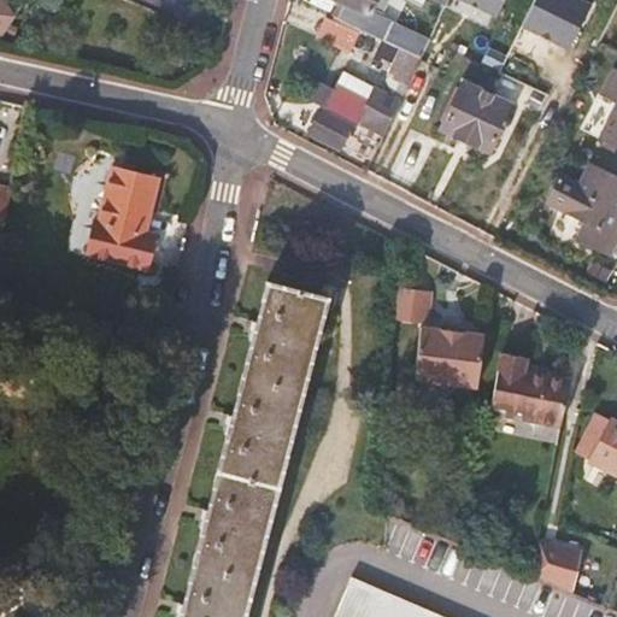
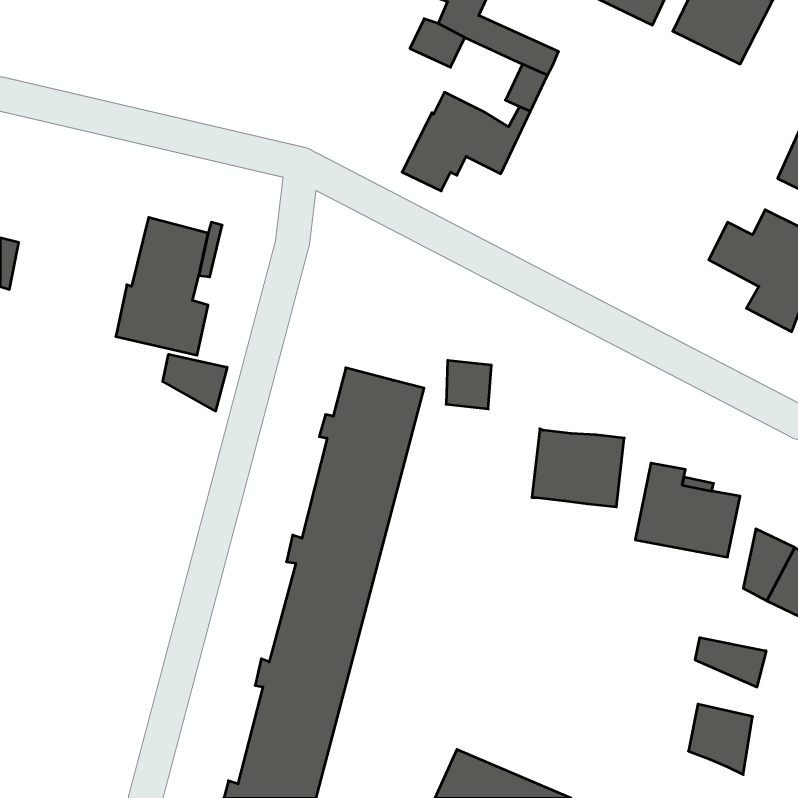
building: [445,83,511,149] -> none
building: none -> [163,354,227,411]
building: [394,290,429,328] -> [446,360,491,409]
building: none -> [695,638,766,687]

